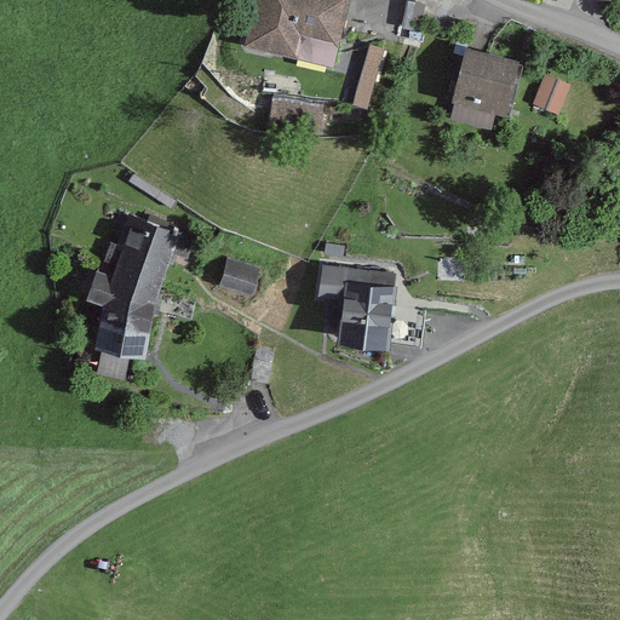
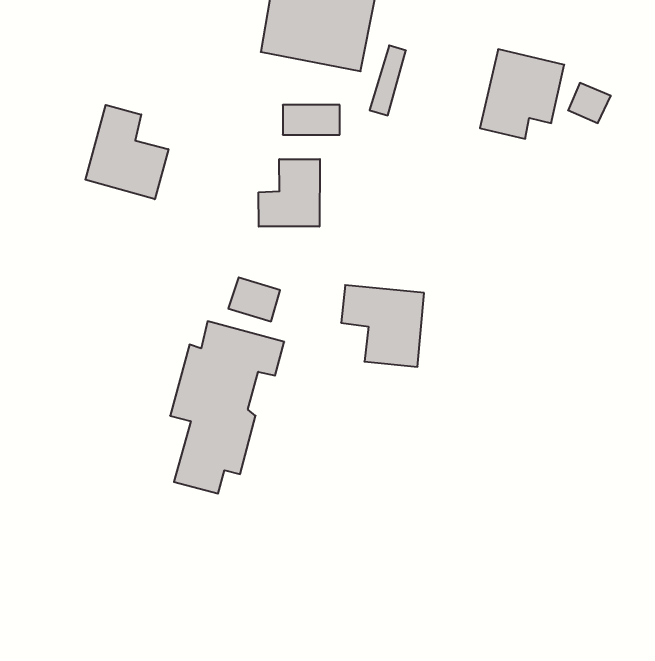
building: none -> [85,105,168,199]
building: none -> [259,159,320,227]
building: [85,216,191,377] -> [170,321,284,494]

